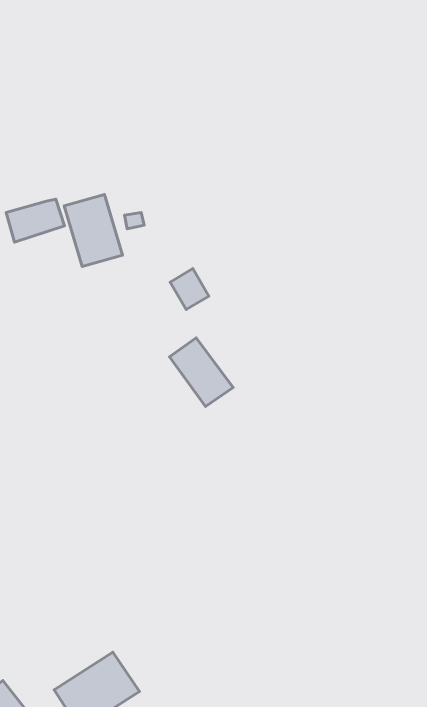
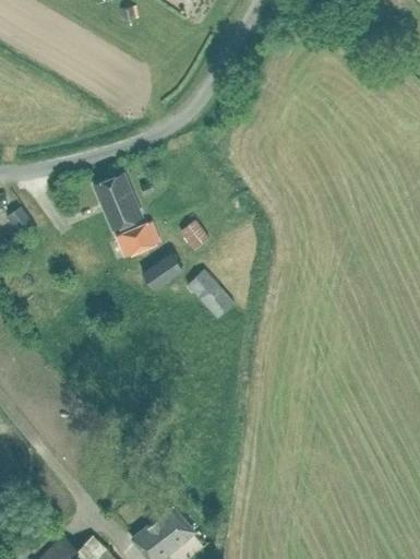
building: [6,199,64,242] -> [117,223,160,258]
building: none -> [140,252,183,293]

